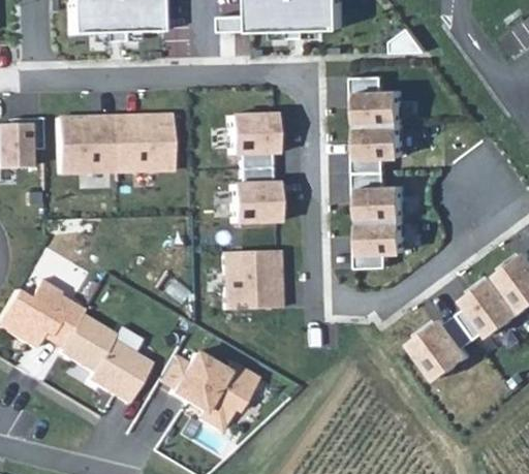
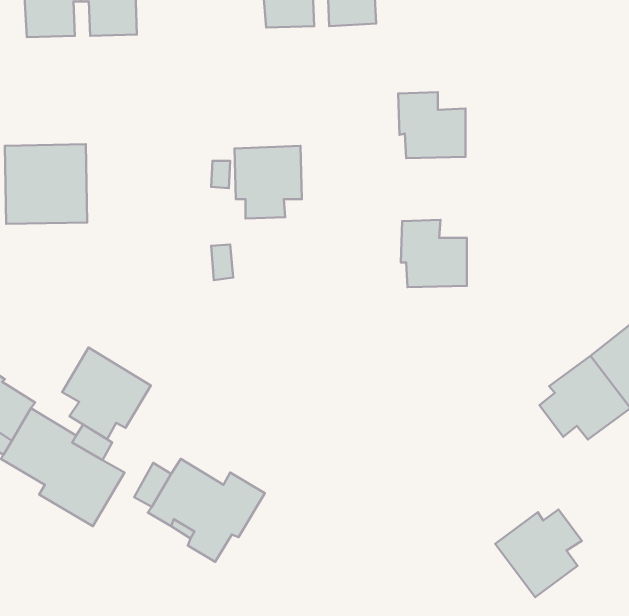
building: [120,113,175,172] -> none
building: [356,123,406,171] -> none
building: [234,168,284,223] -> none
building: [357,220,407,268] -> none
building: [223,248,283,310] -> none
building: none -> [62,347,151,439]
building: [413,310,478,376] -> [495,509,582,597]

